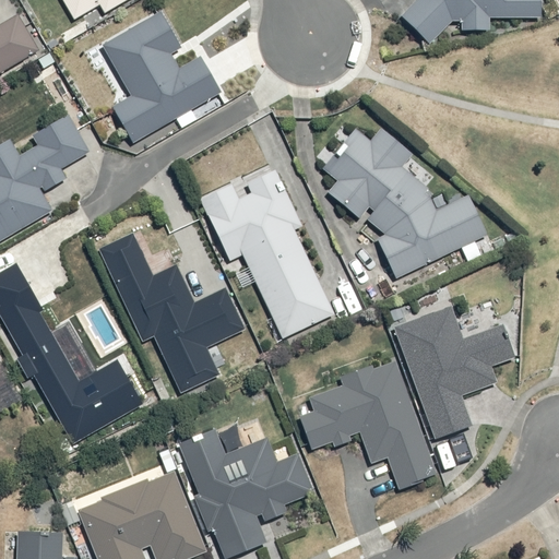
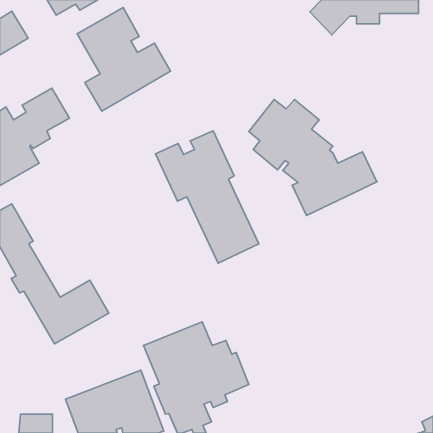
building: [96,233,243,392] -> none
building: [400,310,519,438] -> none
building: [306,361,438,487] -> none

